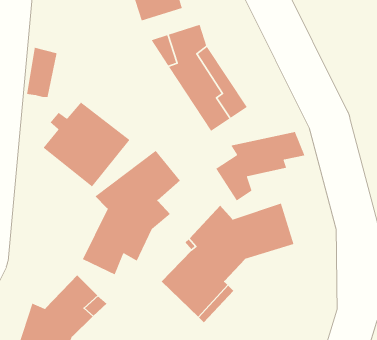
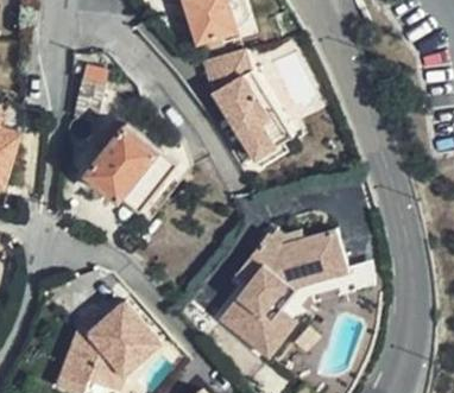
building: [215,131,306,201] -> none
building: [82,150,181,275] -> none

